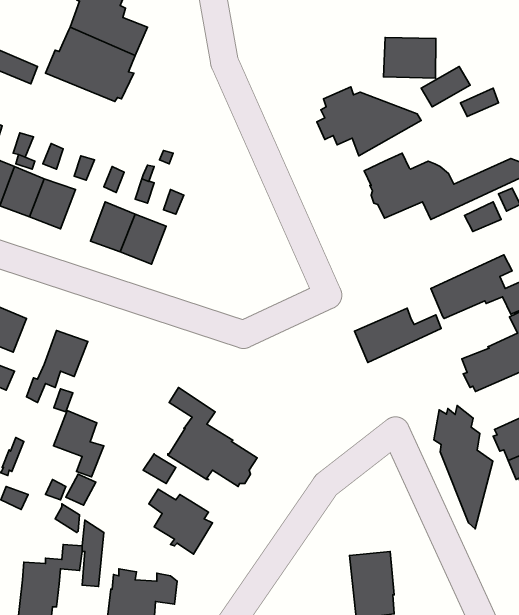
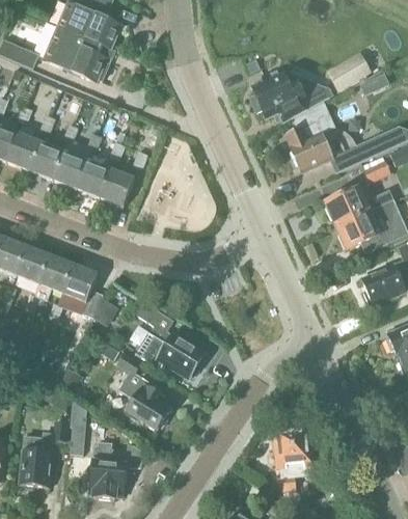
building: [384,38,436,78] -> none
building: none -> [53,149,87,189]
building: [354,308,441,362] -> [326,184,392,225]
building: none -> [17,248,50,283]
building: [434,406,493,529] -> none
building: [54,411,104,477] -> [63,266,102,317]

